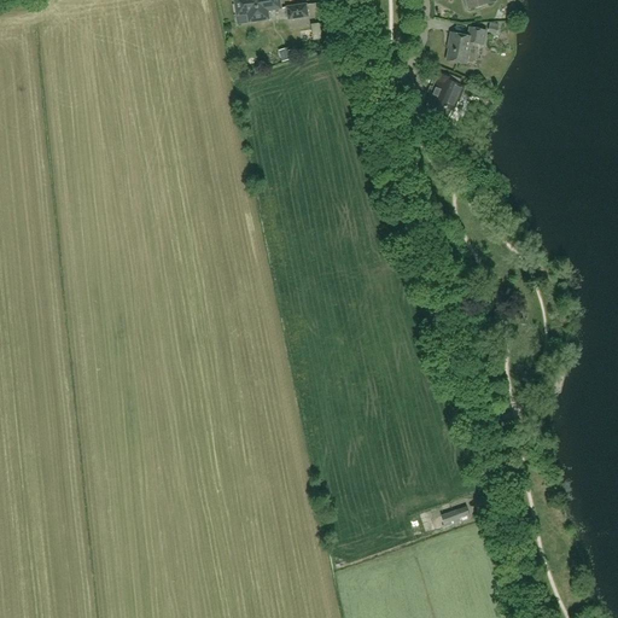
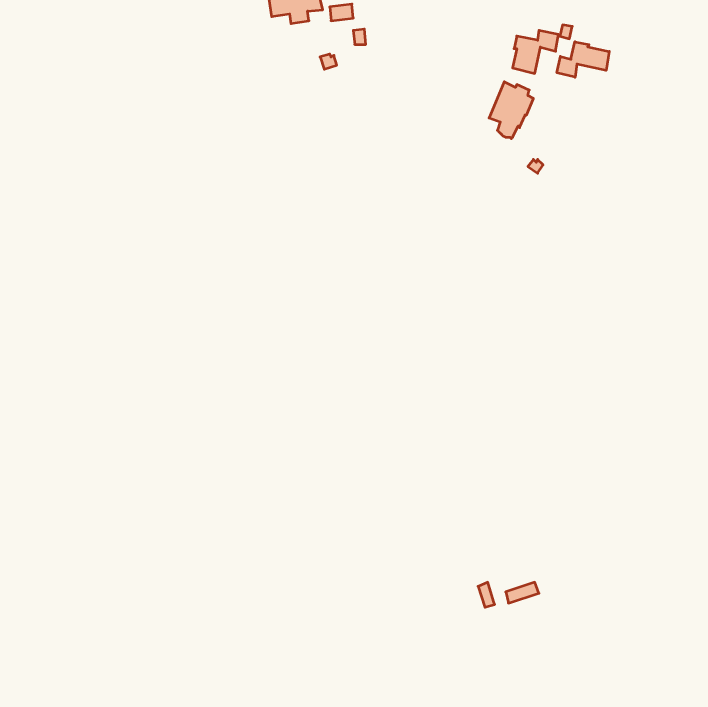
building: none -> [557,42,609,77]

